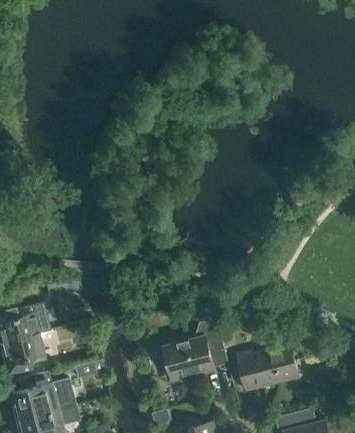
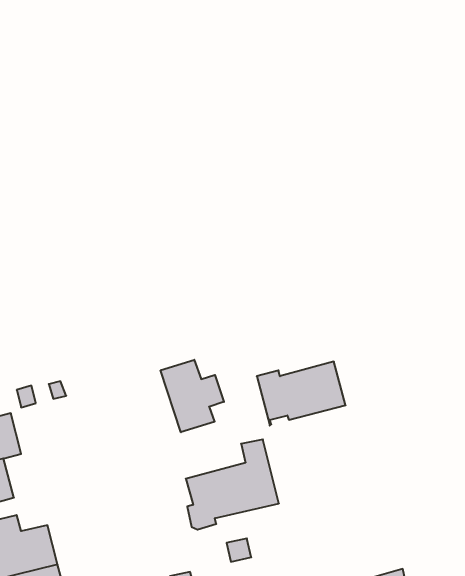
building: none -> [161,360,224,432]
building: [237,345,298,389] -> [257,362,346,426]

